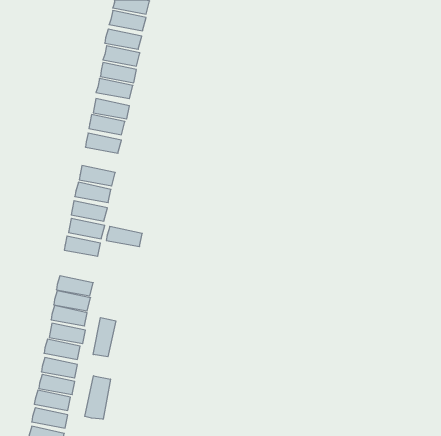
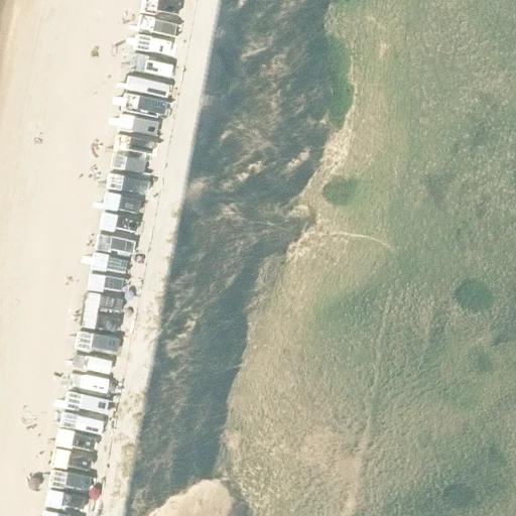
building: none -> [105,185,146,209]
building: [106,226,142,247] -> [81,306,122,330]
building: [93,318,116,357] -> none
building: [85,376,110,419] -> none

